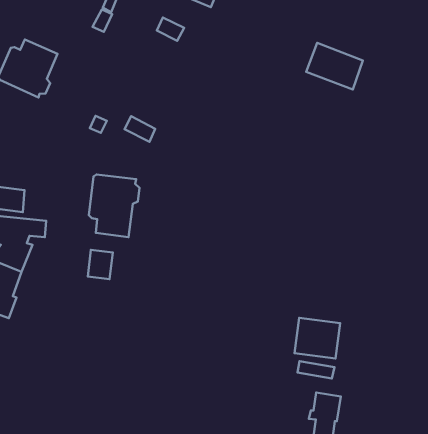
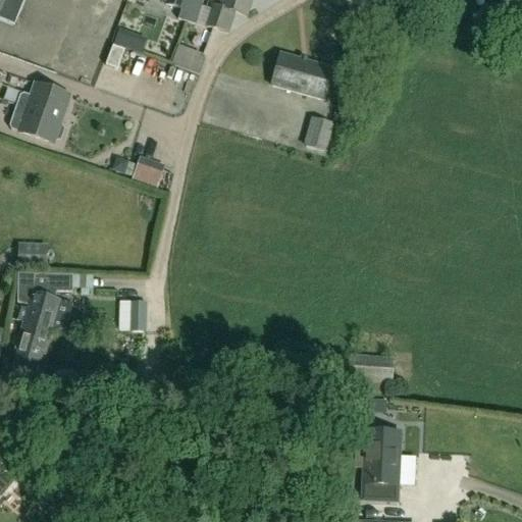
building: [306,43,363,89] -> [272,51,331,97]
building: none -> [307,115,333,149]
building: [89,174,139,237] -> none

